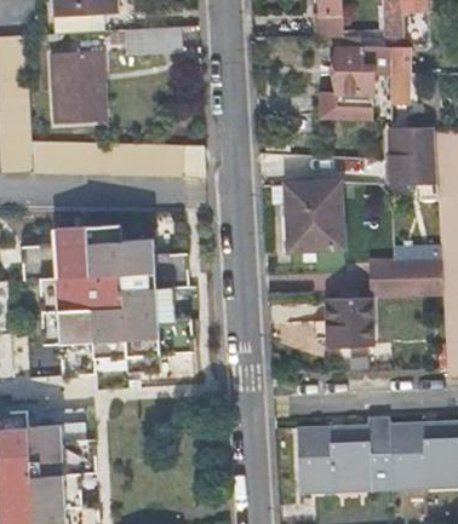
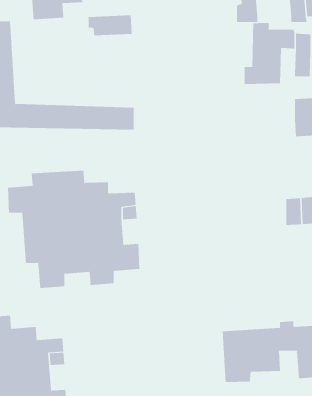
building: [52,51,108,122] -> none
building: [286,184,342,251] -> none
building: [322,295,374,347] -> none

